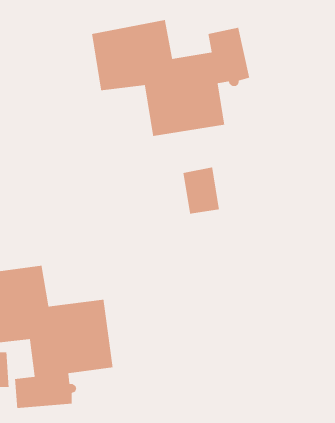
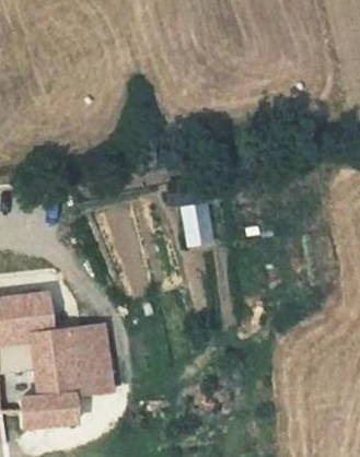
building: [91,19,250,137] -> none

